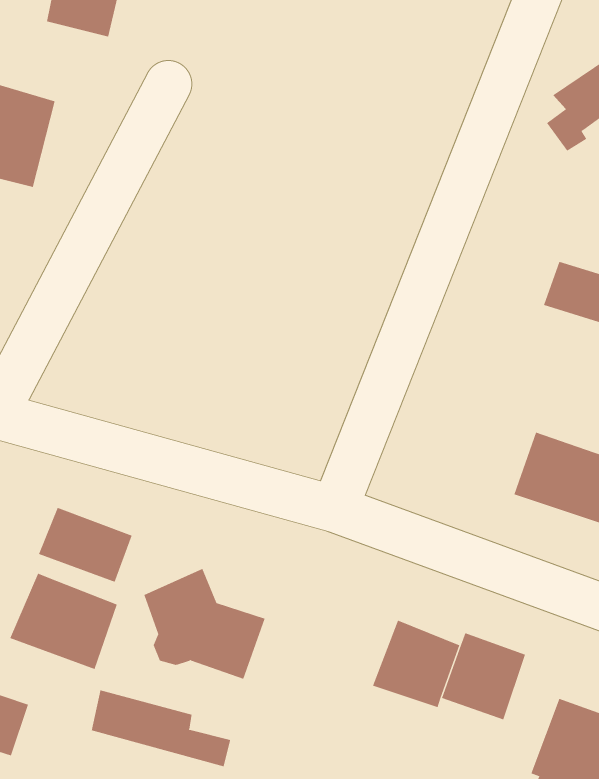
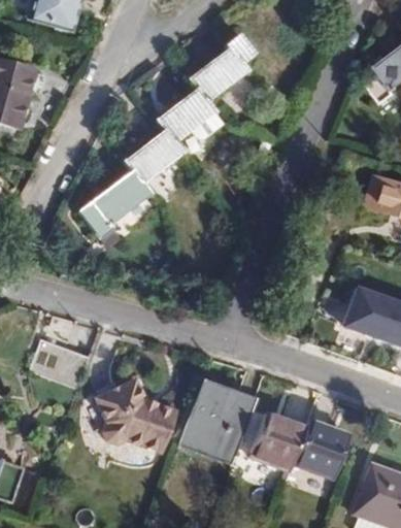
building: none -> [78,33,256,238]
building: [9,573,118,670] -> none
building: none -> [180,382,256,464]
building: [91,690,231,767] -> none

